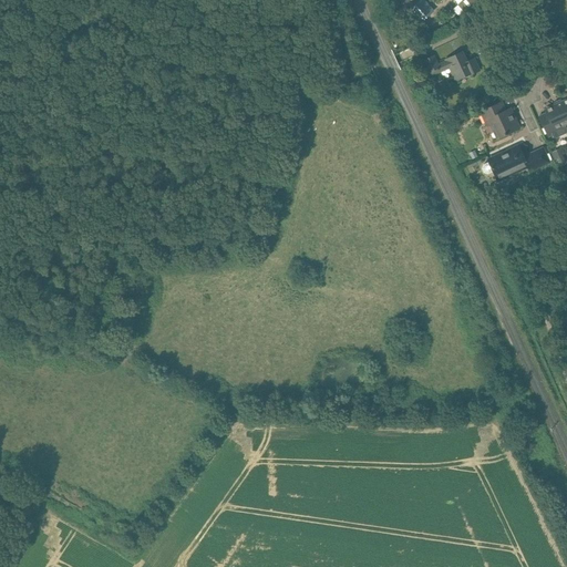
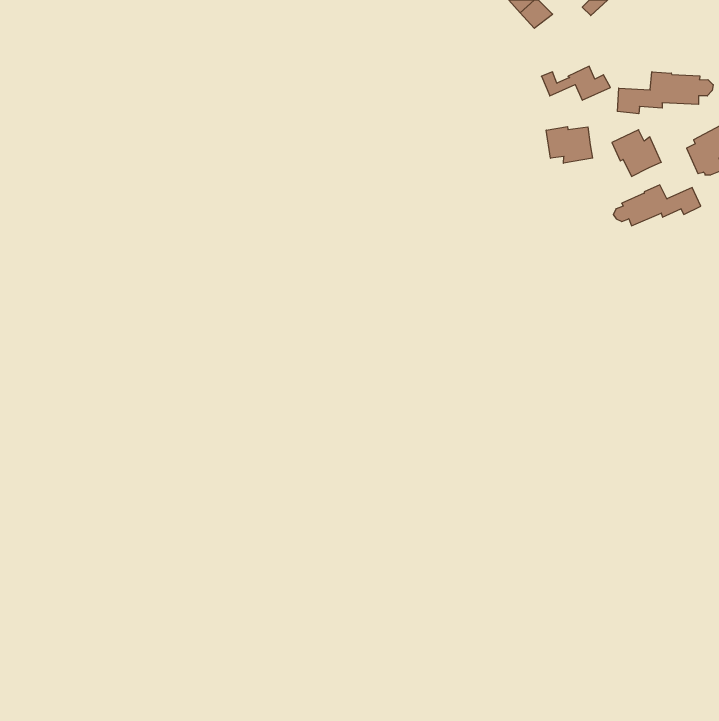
building: none -> [617,72,713,114]
building: none -> [546,127,593,163]

